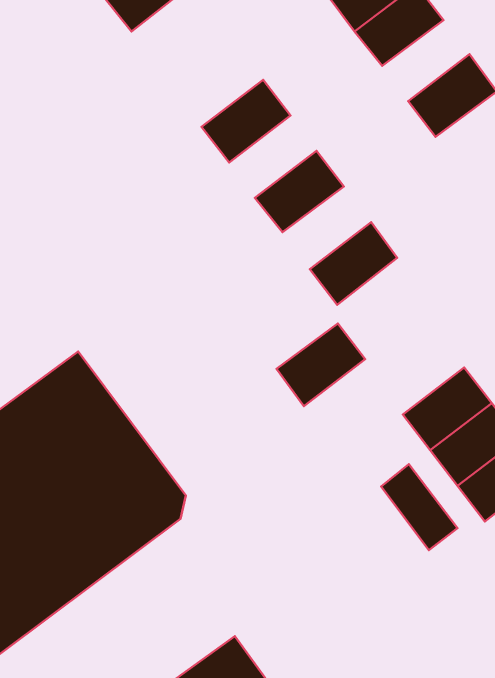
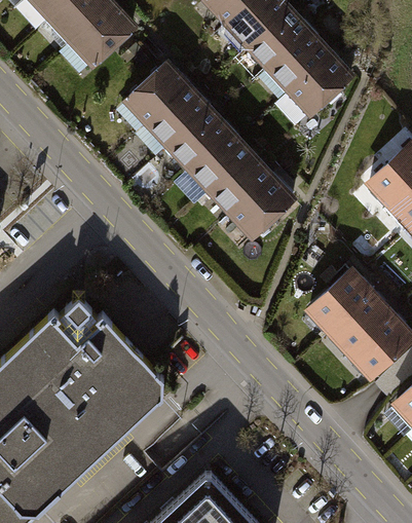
building: none -> [269,33,329,91]
building: none -> [127,65,188,124]
building: none -> [171,110,230,170]
building: [277,323,365,406] -> [213,155,273,215]
building: [381,464,458,550] -> none

